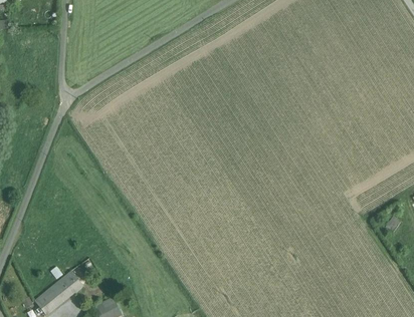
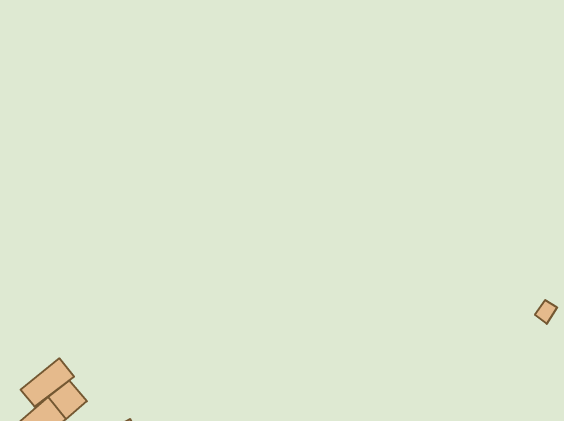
building: none -> [21,358,74,407]

